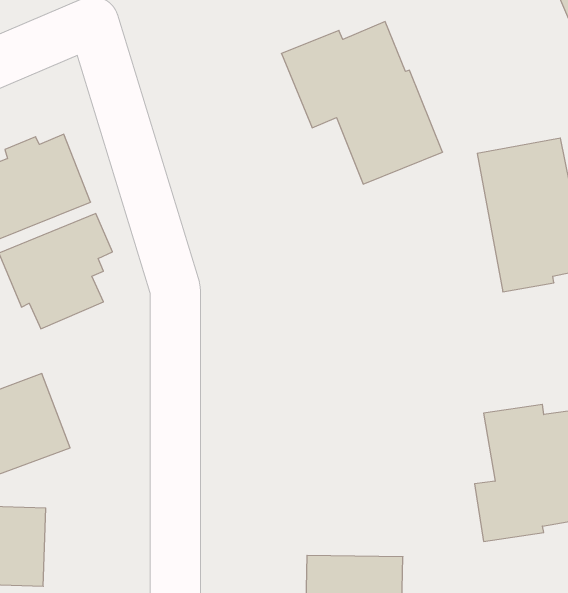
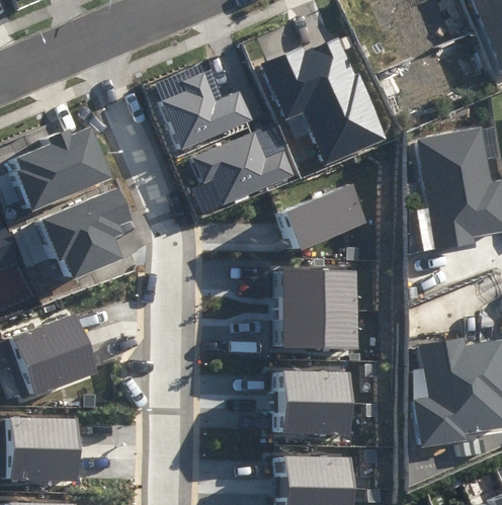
building: none -> [161,71,254,150]
building: none -> [192,132,297,205]
building: none -> [278,182,371,251]
building: none -> [275,271,361,350]
building: none -> [277,372,353,436]

